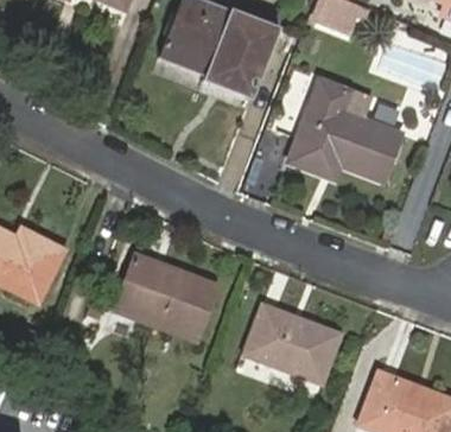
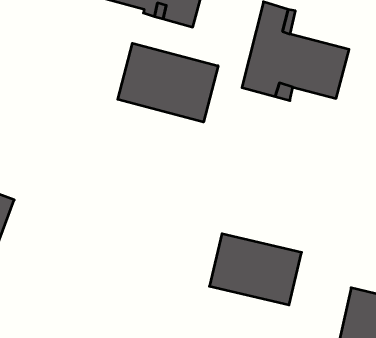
building: none -> [118,43,218,122]
building: [108,254,209,341] -> none

